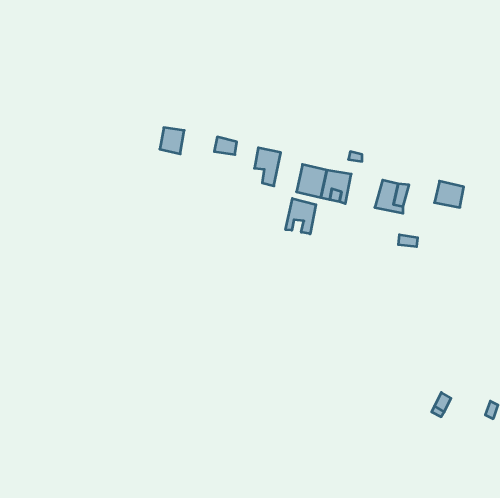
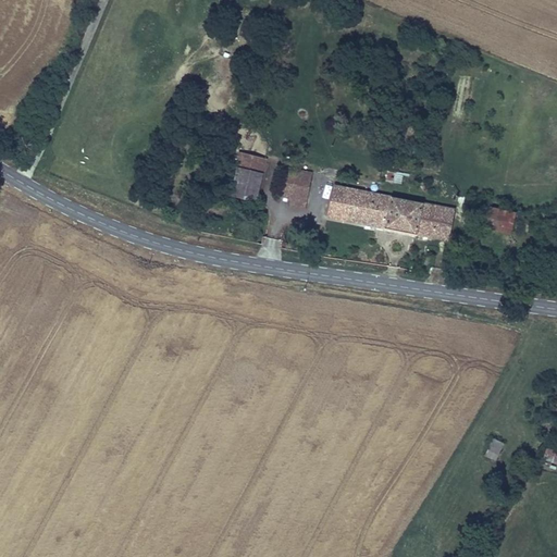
building: [160,128,184,154] -> [234,171,261,200]
building: none -> [384,196,425,235]
building: [286,198,316,234] -> none

